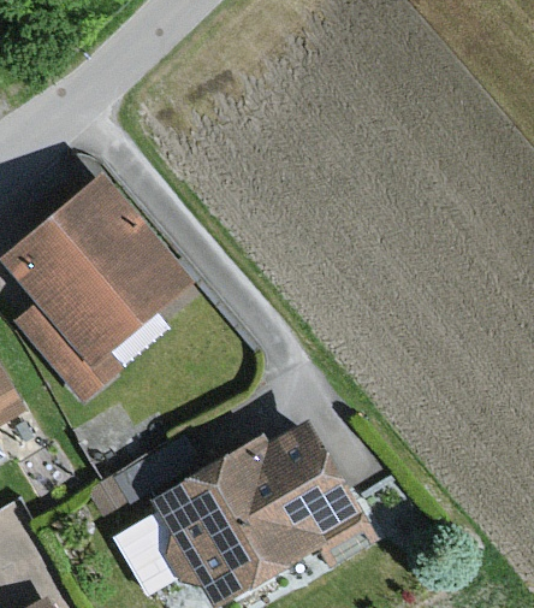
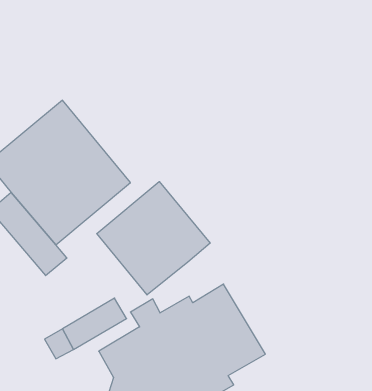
building: none -> [97,182,210,295]

